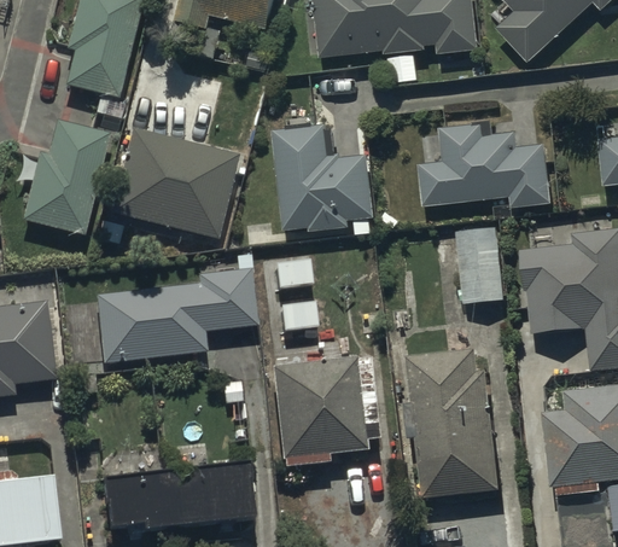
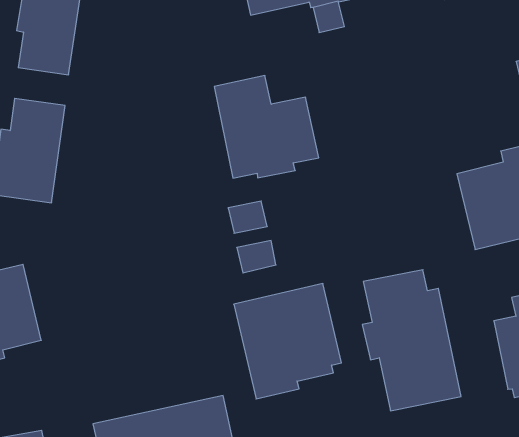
building: [418,122,552,208] -> none
building: [110,128,238,238] -> none
building: [456,226,506,303] -> none
building: [94,269,256,365] -> none

